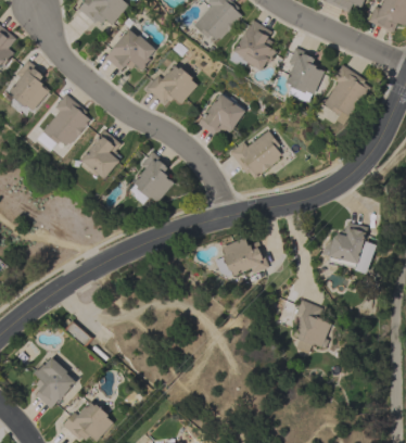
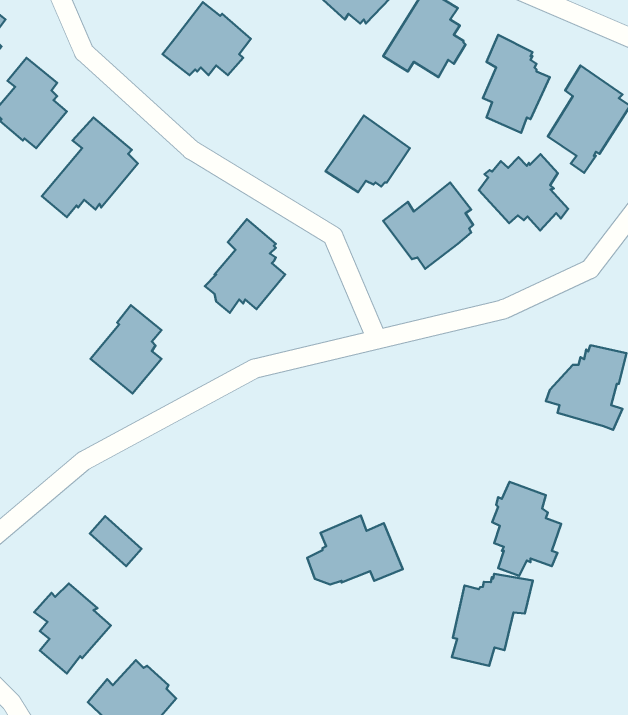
building: [145,64,196,103] -> none
building: none -> [479,154,568,230]
building: [80,129,120,179] -> [90,305,161,393]
building: [214,237,268,276] -> [307,516,403,585]
building: none -> [452,574,533,666]

